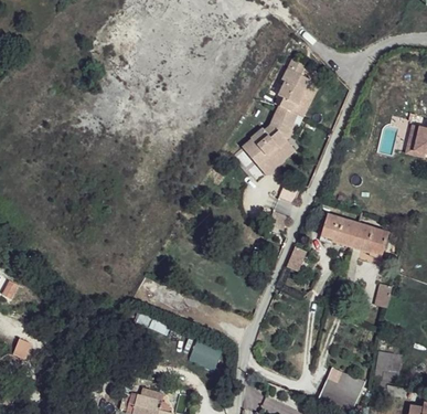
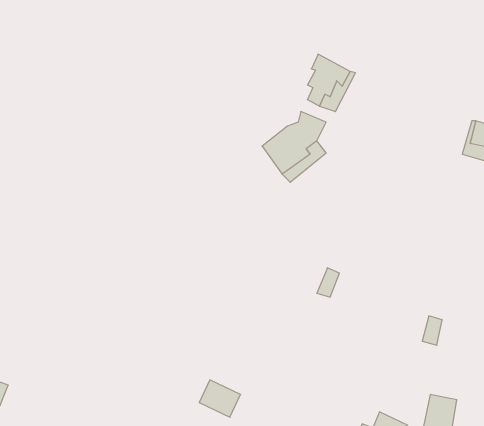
building: [322,215,389,256] -> none

